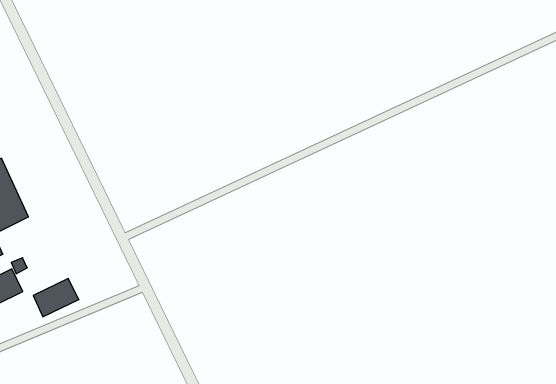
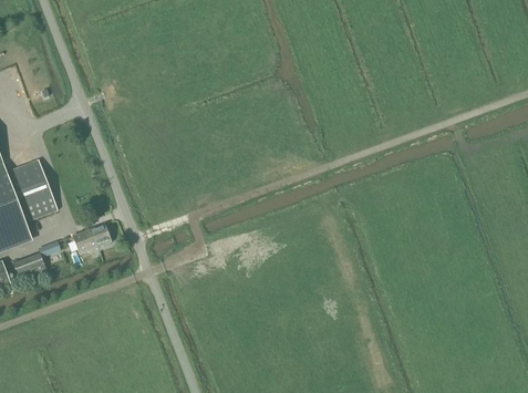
building: [33,278,79,317] -> [72,223,111,254]

